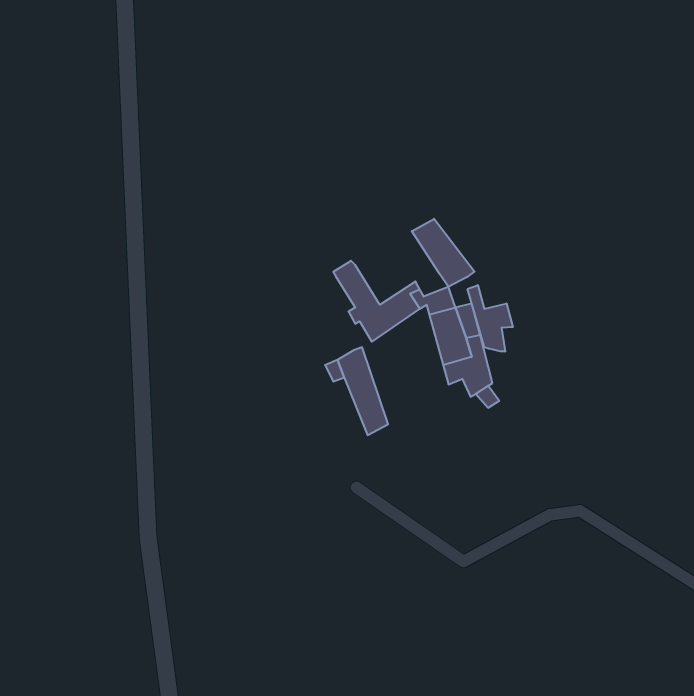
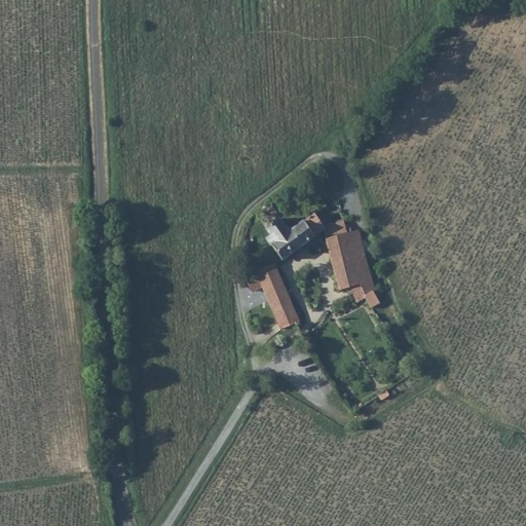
building: [412,219,475,287] -> none
building: [468,285,513,352] -> none

